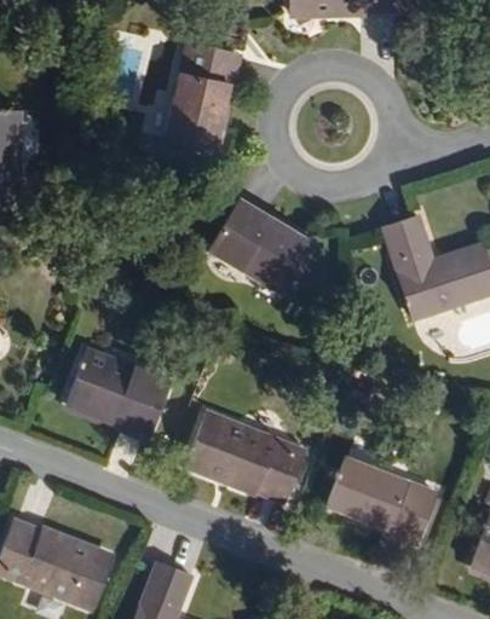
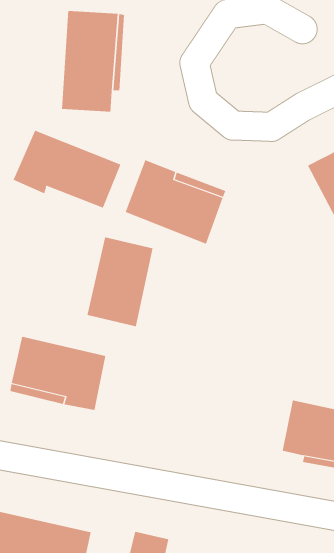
building: none -> [13,130,121,208]
building: none -> [87,237,153,327]
building: [178,411,298,504] -> none

